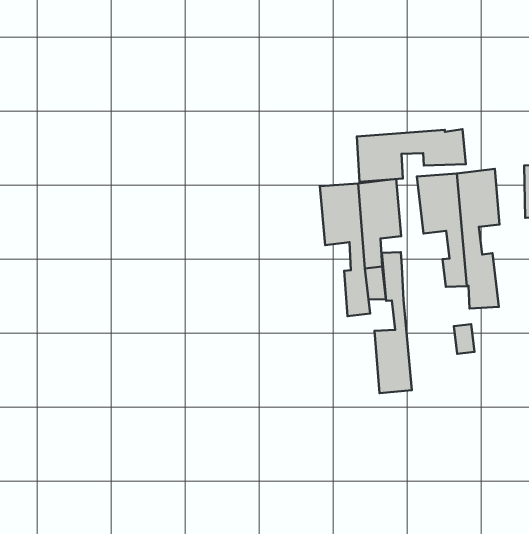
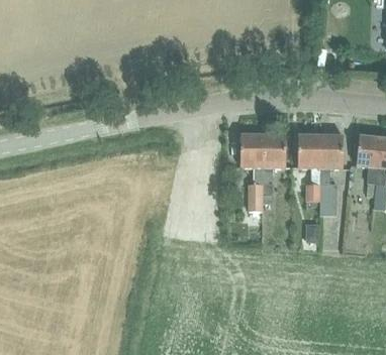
building: [357,129,466,182] -> none
building: [375,252,412,393] -> none

